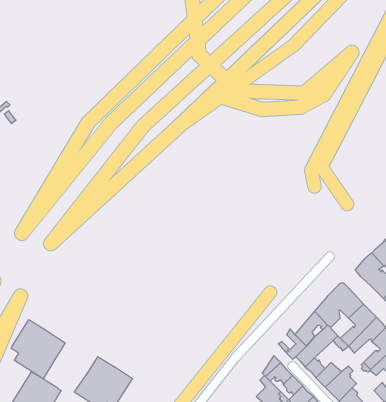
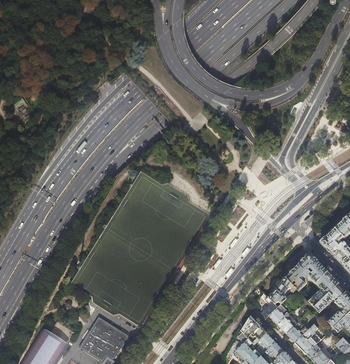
building: [11,320,65,379] -> none

